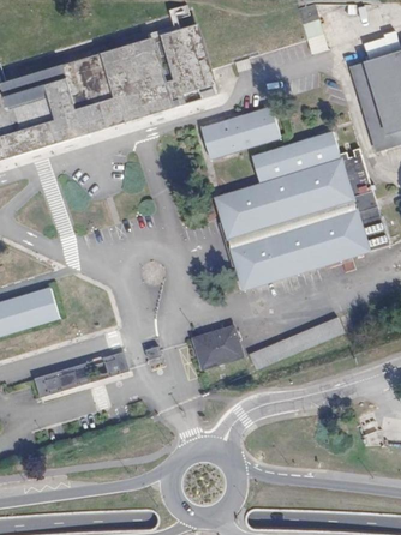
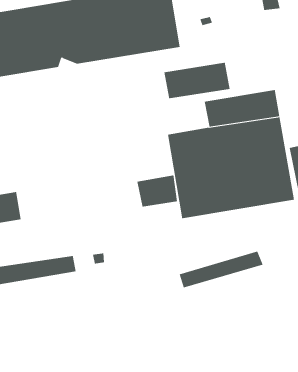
building: [192,325,243,367] -> [137,175,178,207]

